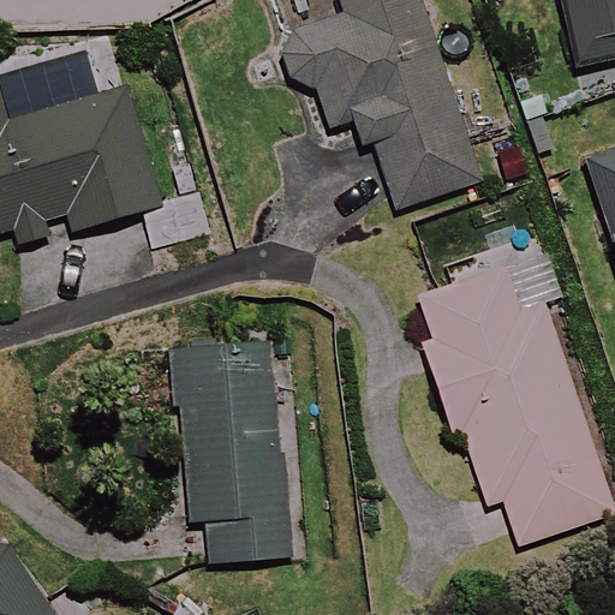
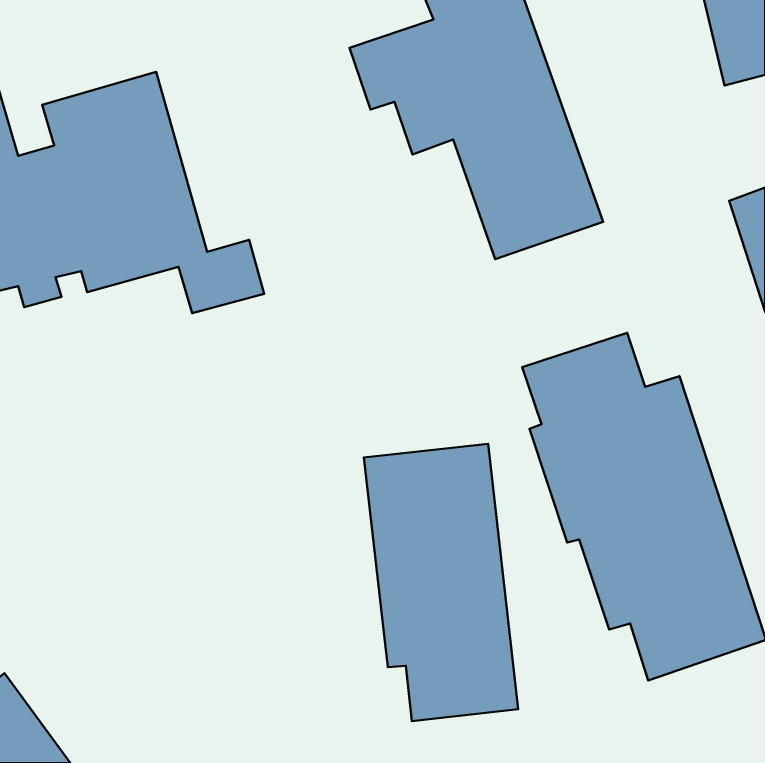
building: [172,342,295,565] -> [364,444,518,721]

